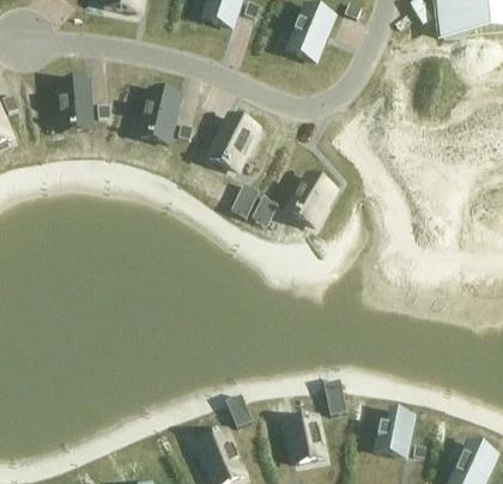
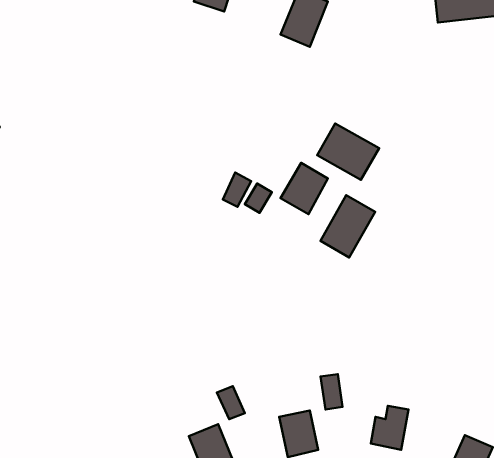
building: [56,79,91,129] -> none
building: [138,87,178,140] -> none
building: [208,115,256,170] -> none
building: none -> [317,123,379,180]
building: none -> [320,195,375,258]

